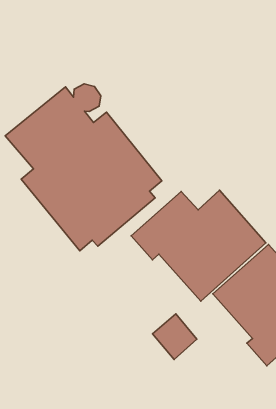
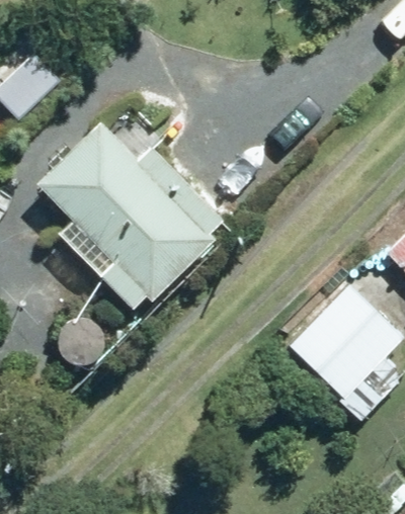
building: [131,190,266,301] -> none

